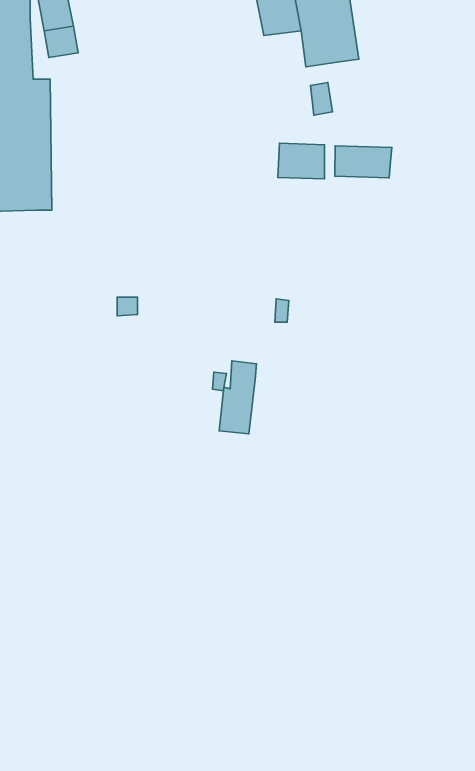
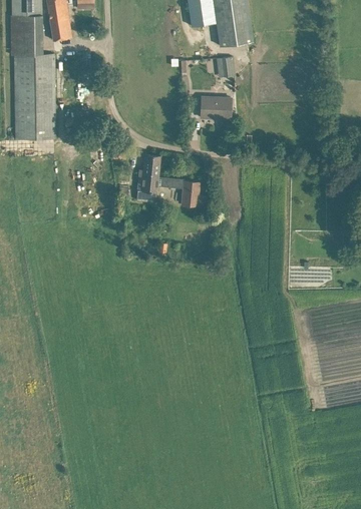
building: [335,146,392,178] -> none
building: none -> [182,179,200,204]
building: [219,361,257,434] -> [136,153,160,200]

